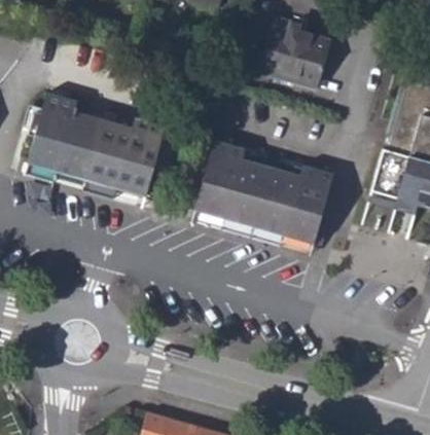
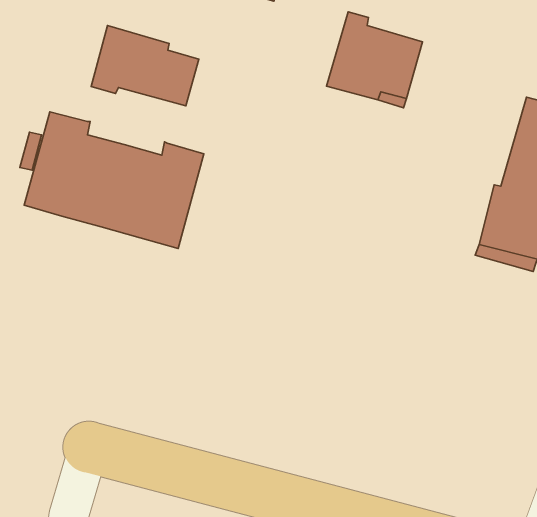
building: none -> [91,25,199,106]
building: [194,139,333,245] -> none

